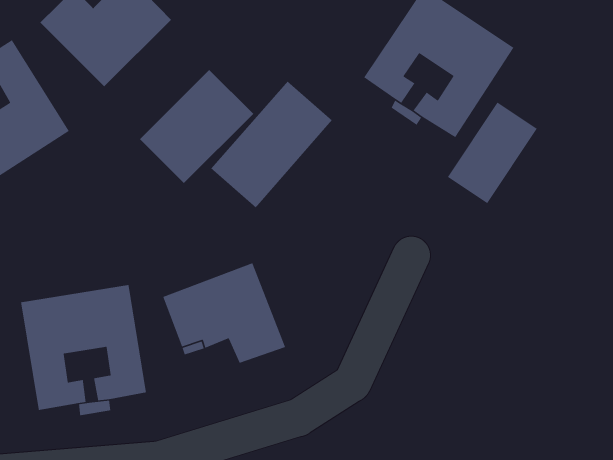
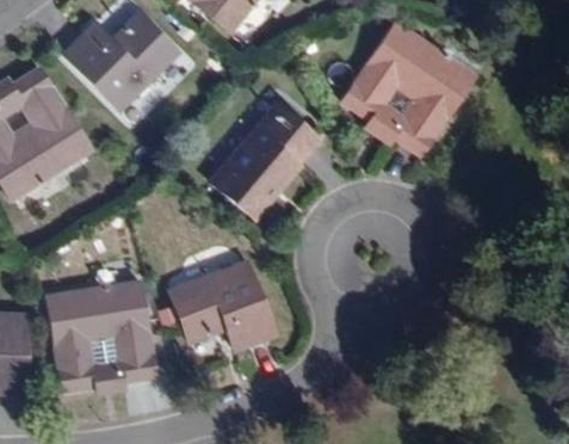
building: [139,69,254,184] -> none
building: [447,102,538,204] -> none

